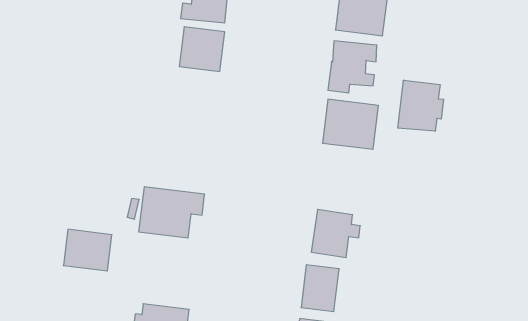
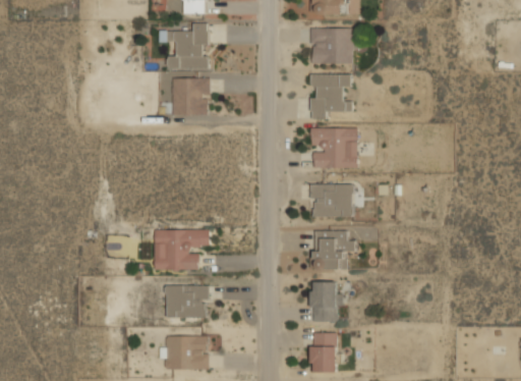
building: [398,80,444,131] -> none
building: none -> [309,184,352,217]
building: [63,229,112,271] -> [166,285,207,319]

